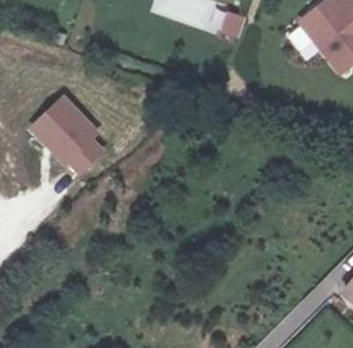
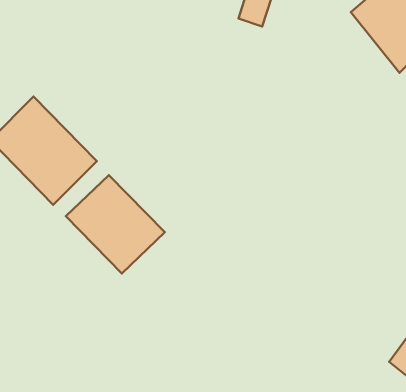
building: none -> [66,175,165,273]

